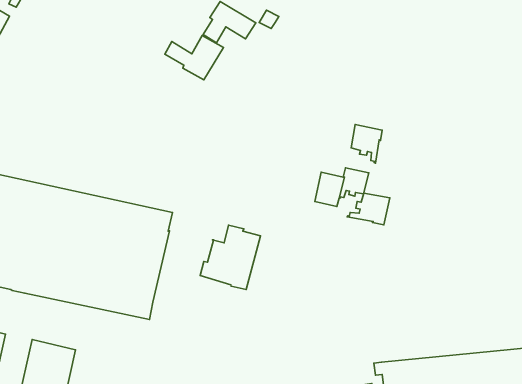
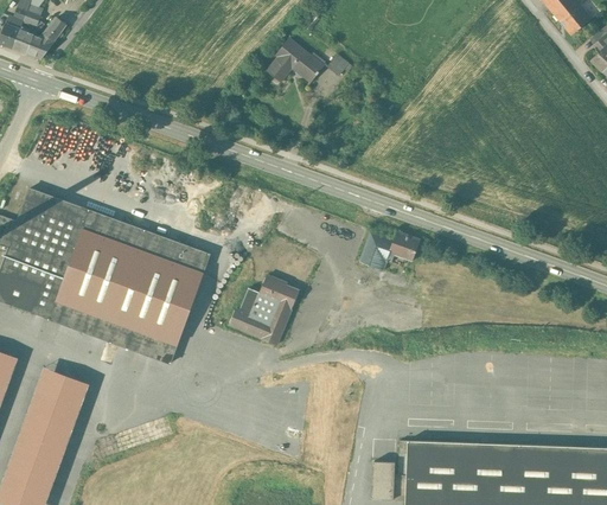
building: [165,35,223,80] -> none
building: [351,125,382,163] -> none
building: [347,193,390,225] -> none

